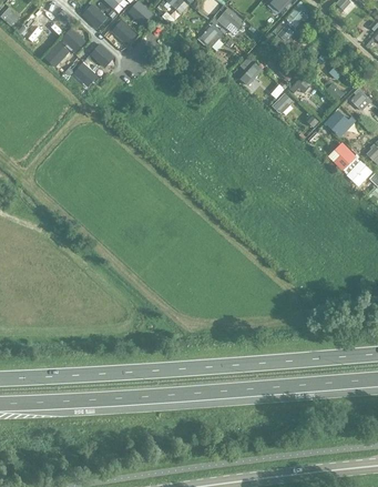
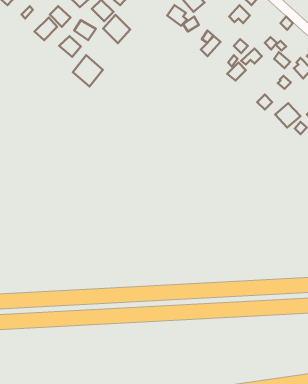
building: none -> [103,15,130,43]
building: none -> [73,55,103,87]

